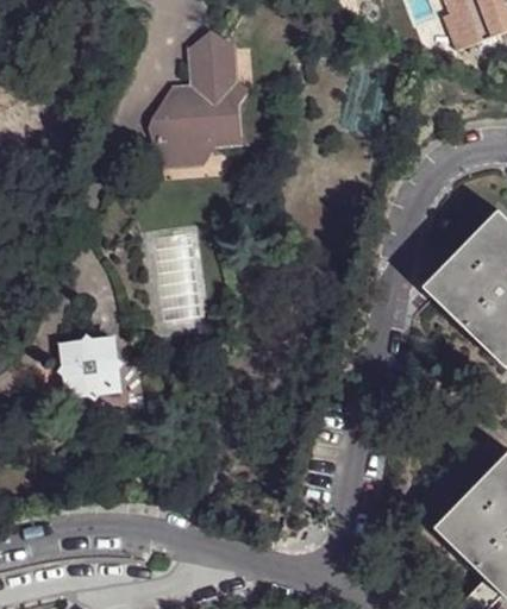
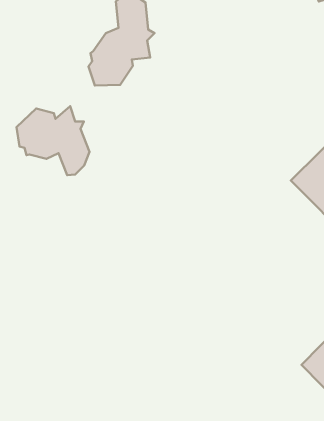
building: none -> [17,106,89,175]
building: [57,333,119,400] -> none

